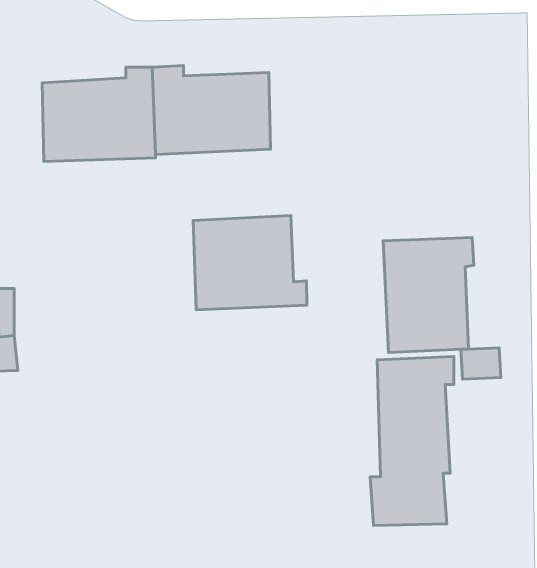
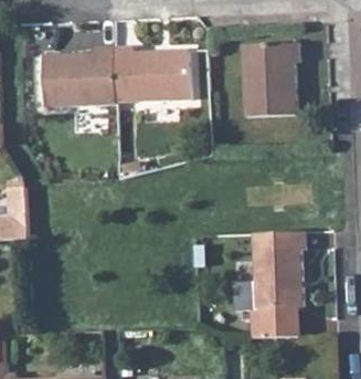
building: [193,216,307,310] -> none
building: [383,237,474,352] -> [243,44,300,117]

